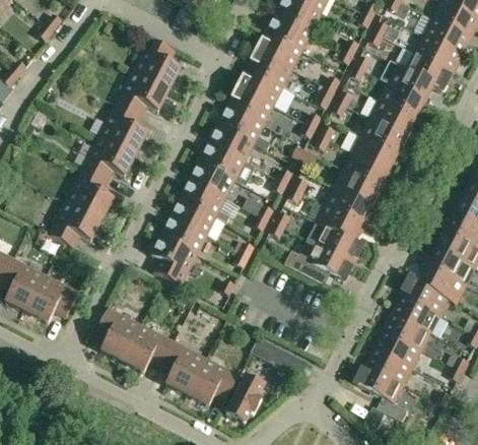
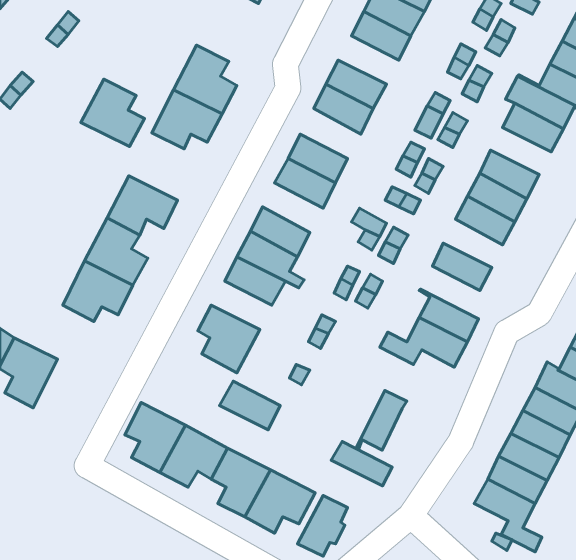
building: [257,31,302,68] -> none
building: [228,86,274,124] -> none
building: [371,101,417,136] -> none
building: [99,105,147,155] -> [81,79,144,147]
building: [200,142,246,180] -> none
building: [336,170,381,206] -> none
building: [319,205,363,245] -> none
building: [161,216,207,253] -> [220,381,280,430]
building: [27,275,79,323] -> none
building: none -> [356,391,407,450]

